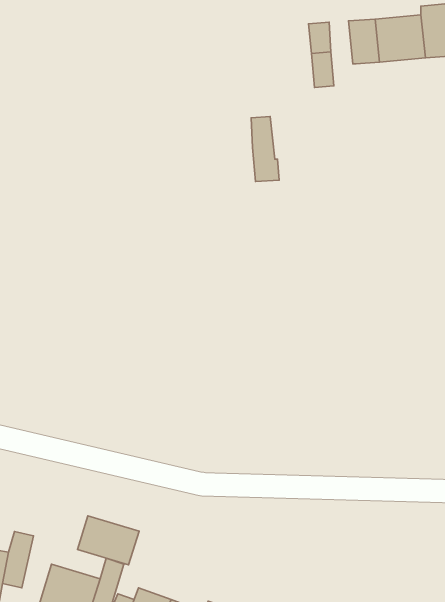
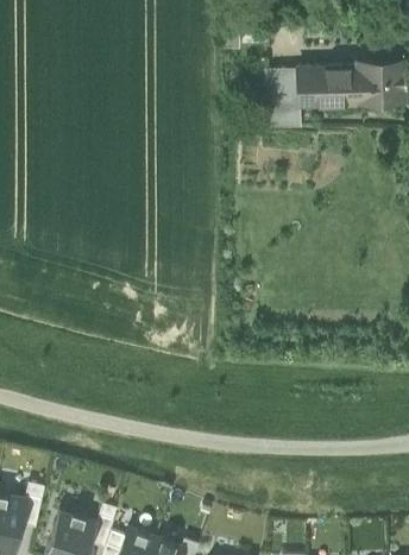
building: [251,116,279,181] -> [283,72,306,125]
building: [77,516,139,565] -> none

